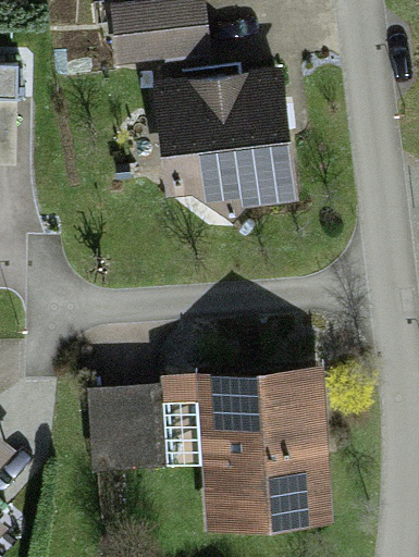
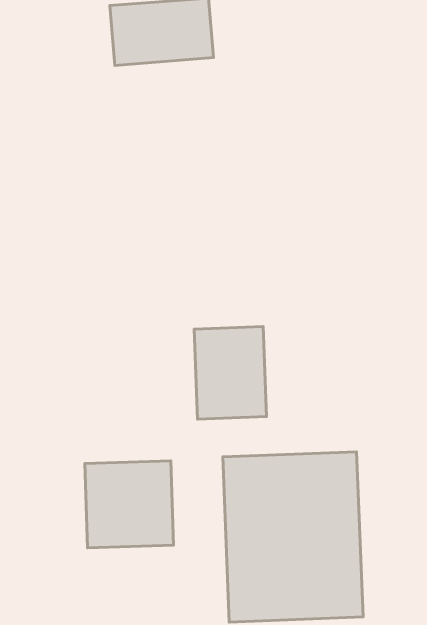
building: [159,76,289,205] -> none
building: none -> [194,326,267,419]

